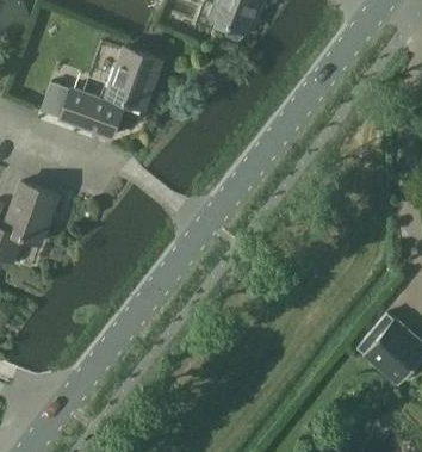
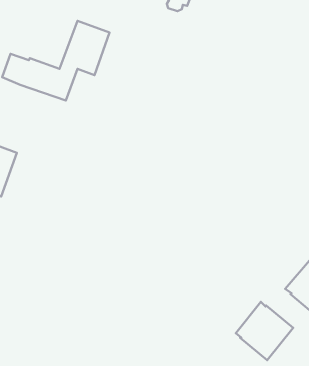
building: none -> [236,302,293,360]

